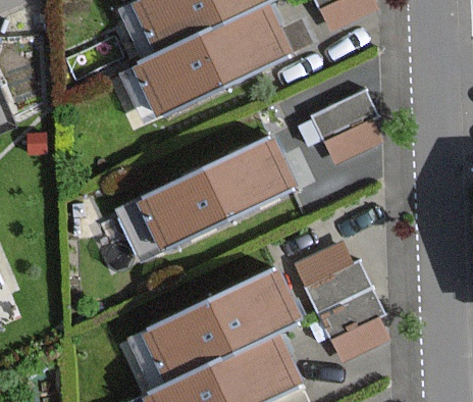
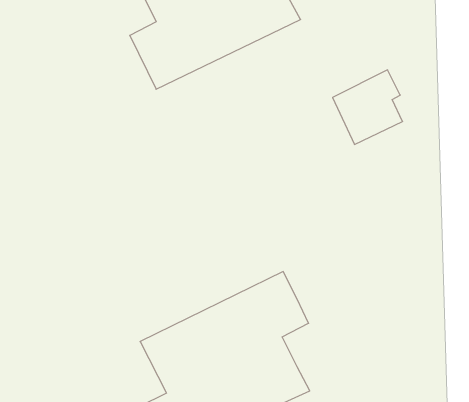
building: [140,142,290,245] -> none
building: [298,246,382,356] -> none

